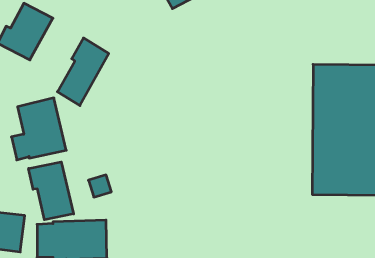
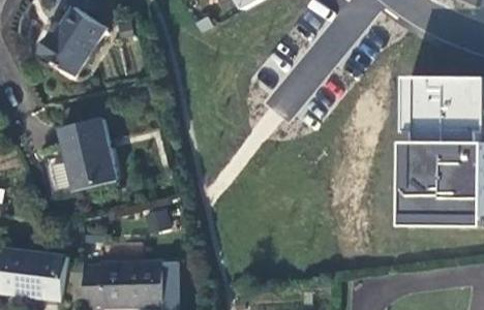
building: [57,38,109,106] -> none
building: [29,162,74,220] -> none

